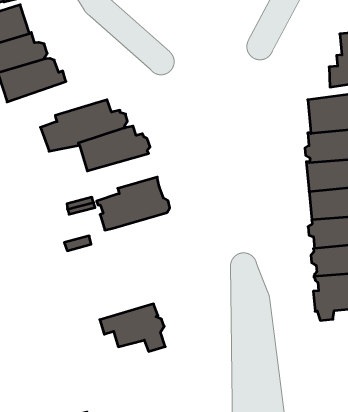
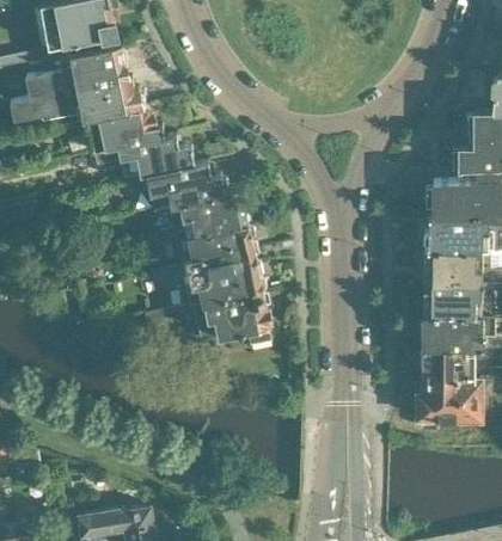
building: none -> [93,136,192,185]
building: none -> [176,226,255,275]
building: [100,304,165,351] -> [198,295,270,348]

